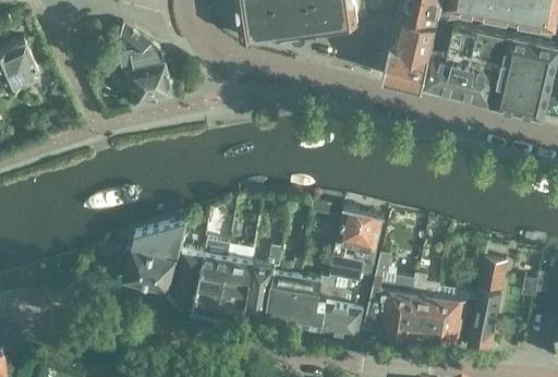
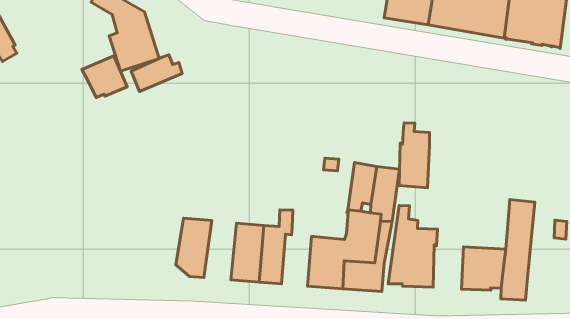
building: none -> [82,56,127,97]
building: none -> [131,55,182,92]
building: [123,220,187,291] -> none
building: [194,253,229,309] -> none
building: [266,262,302,321] -> none
building: [407,275,439,337] -> [399,123,430,188]

